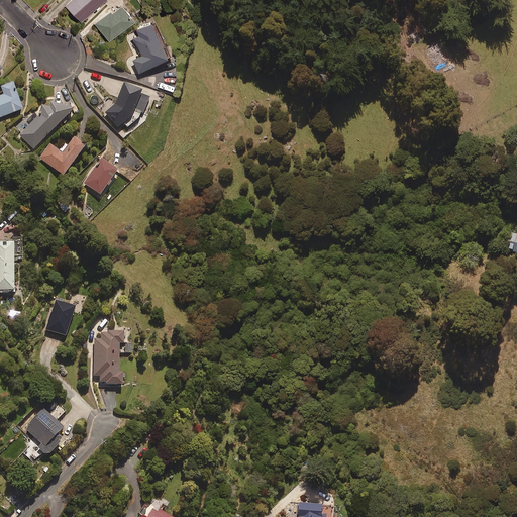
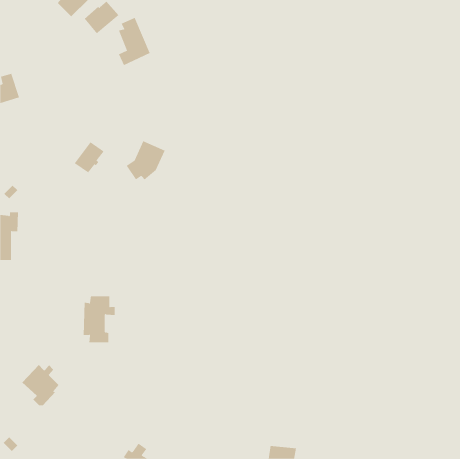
building: [104,83,148,127] -> [126,141,165,180]
building: [18,102,72,148] -> none
building: [38,137,85,175] -> none
building: [44,299,76,335] -> none

